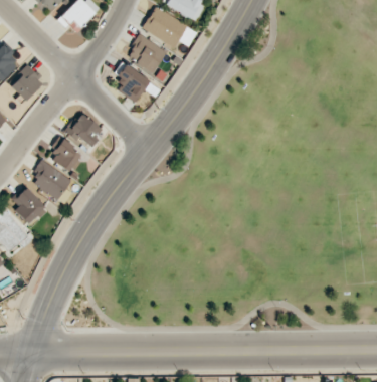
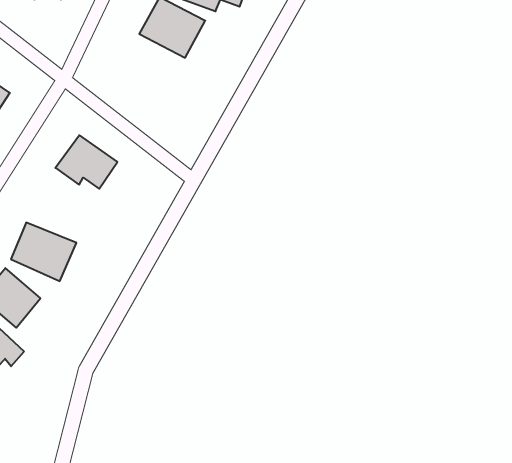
building: [117,63,150,103] -> none
building: [50,141,81,171] -> none

